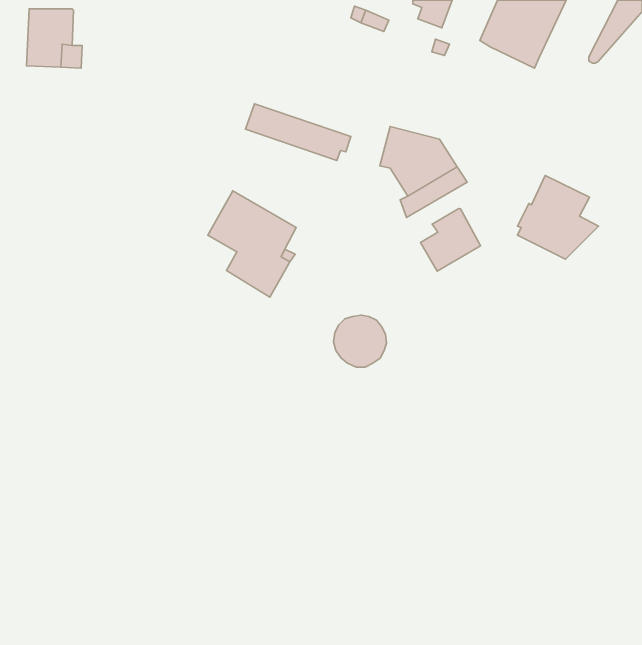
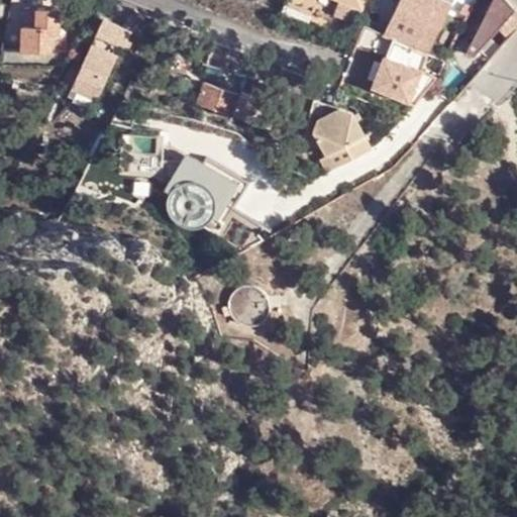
building: none -> [69,20,129,103]
building: [517,176,599,259] -> [369,38,433,105]
building: [421,208,480,271] -> none
building: [333,315,387,367] -> [225,286,268,327]

